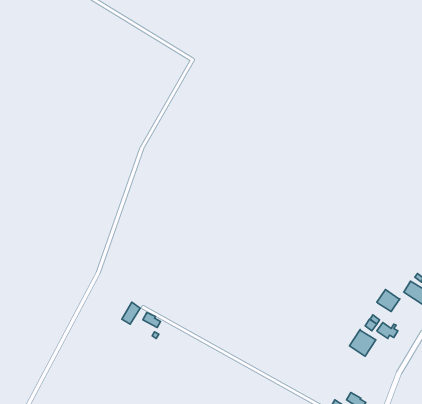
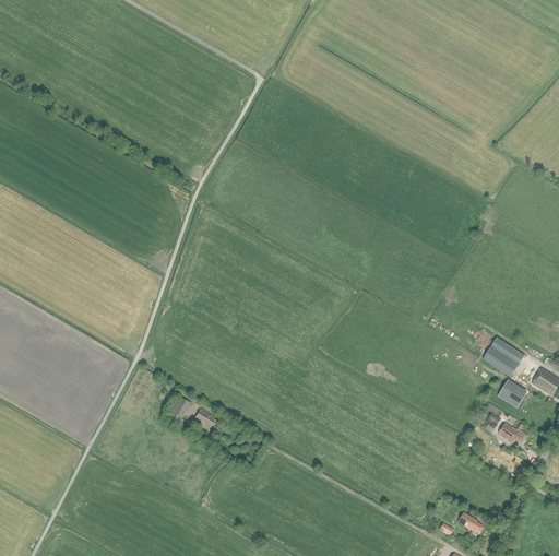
building: none -> [483,336,525,377]
building: [350,329,376,356] -> none

